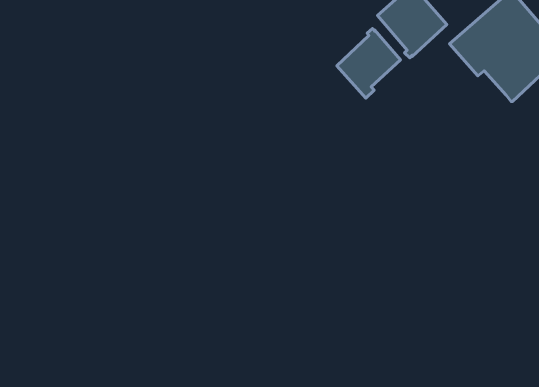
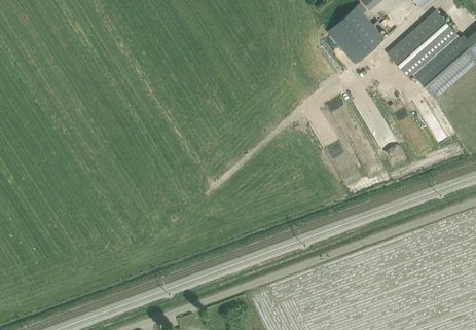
building: [337,29,401,98] -> none

